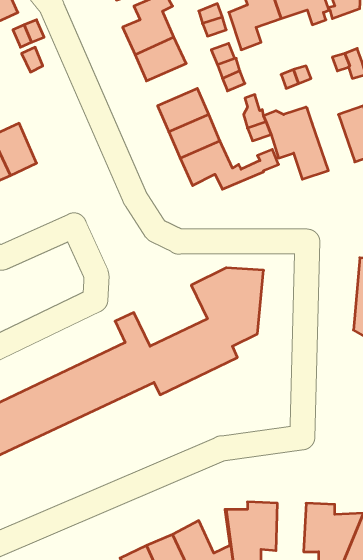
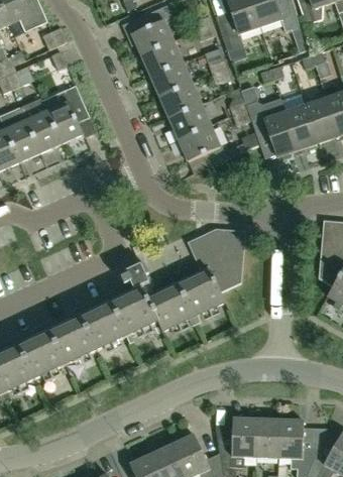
building: none -> [150,63,192,97]
building: none -> [47,85,95,143]
building: none -> [280,93,319,149]
building: none -> [255,419,279,458]

